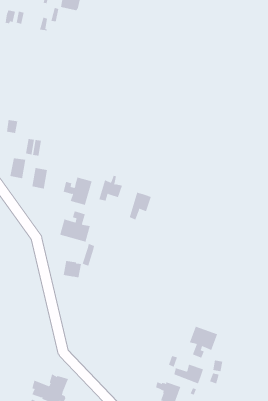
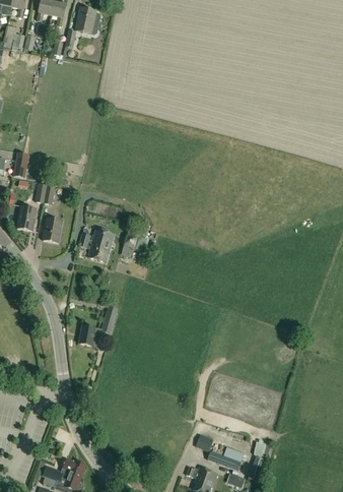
building: [129,192,151,220] -> none
building: [59,210,91,242] -> none
building: [189,326,218,359] -> none

